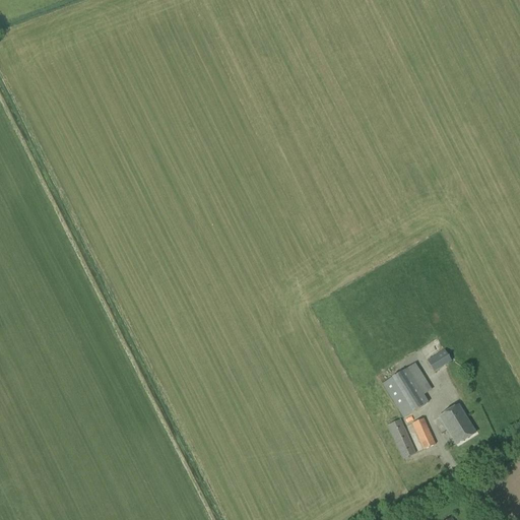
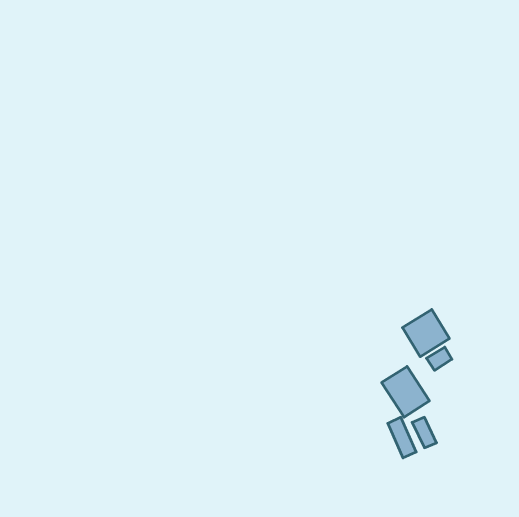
building: none -> [402,309,449,357]
building: [440,403,476,443] -> none

